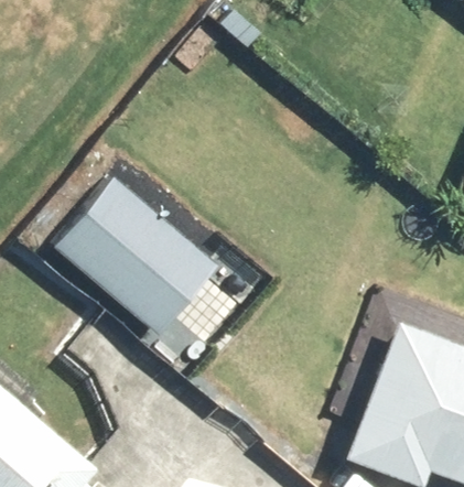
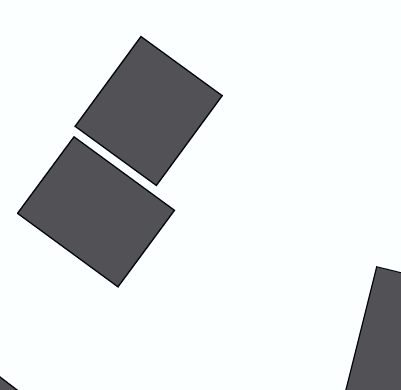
building: none -> [75,36,222,186]

